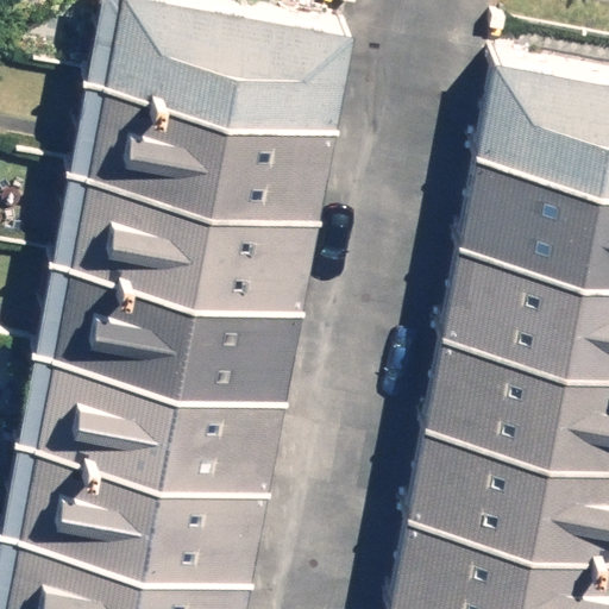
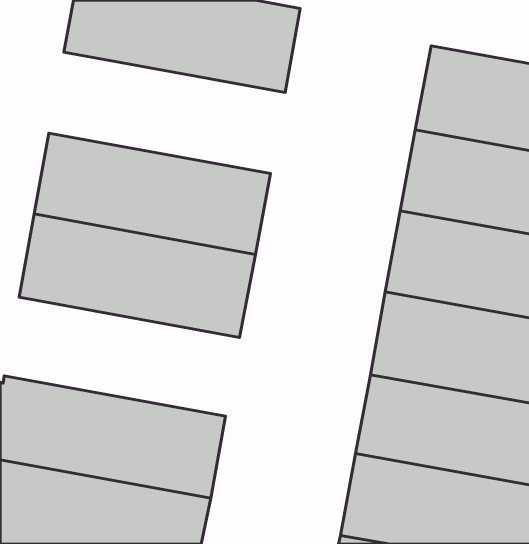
building: [71,58,335,194] -> none
building: [21,332,284,465] -> none

